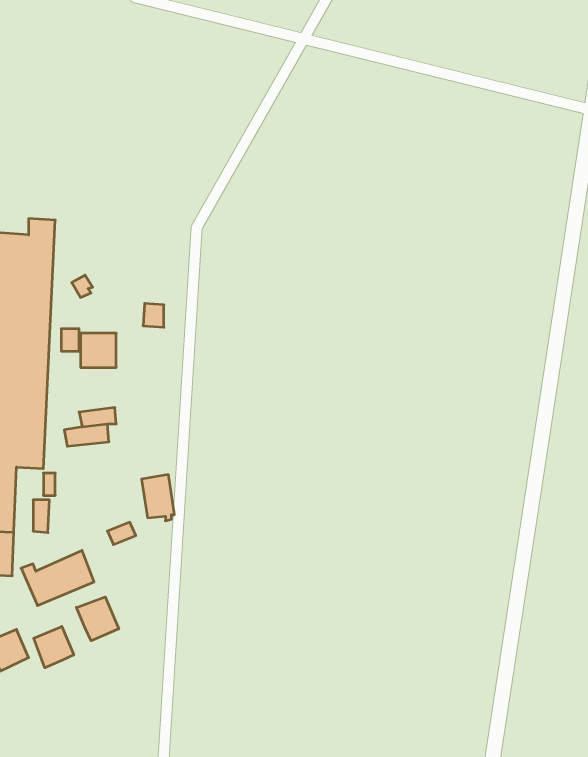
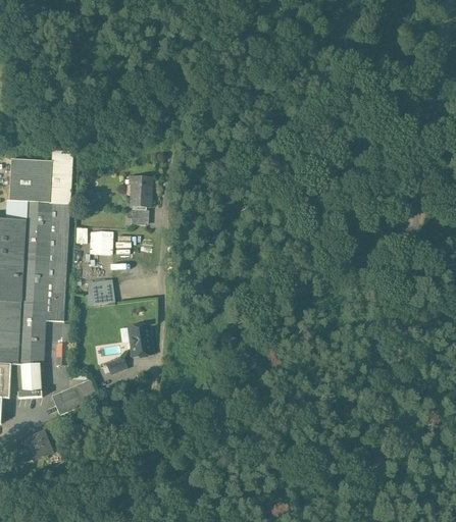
building: none -> [130,175,151,206]
building: [76,597,119,641] -> none
building: [34,626,74,668] -> none

